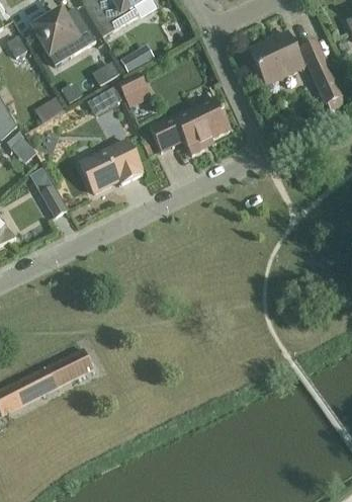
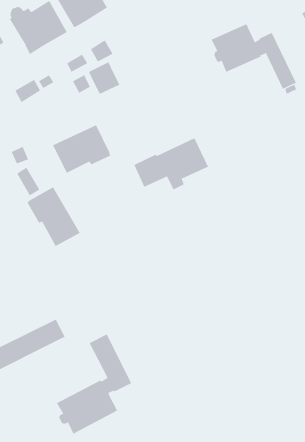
building: [149,97,230,154] -> [133,137,209,190]
building: none -> [27,187,80,247]
building: none -> [56,334,132,435]

